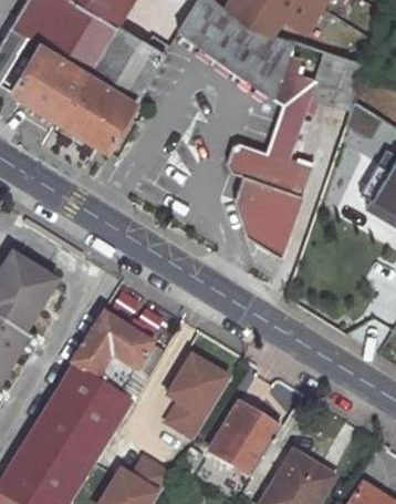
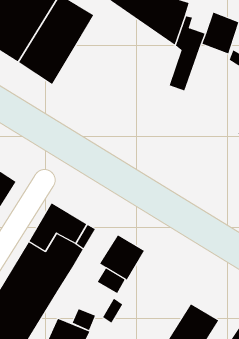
building: [226,142,310,256] -> none
building: [209,404,278,475] -> none

